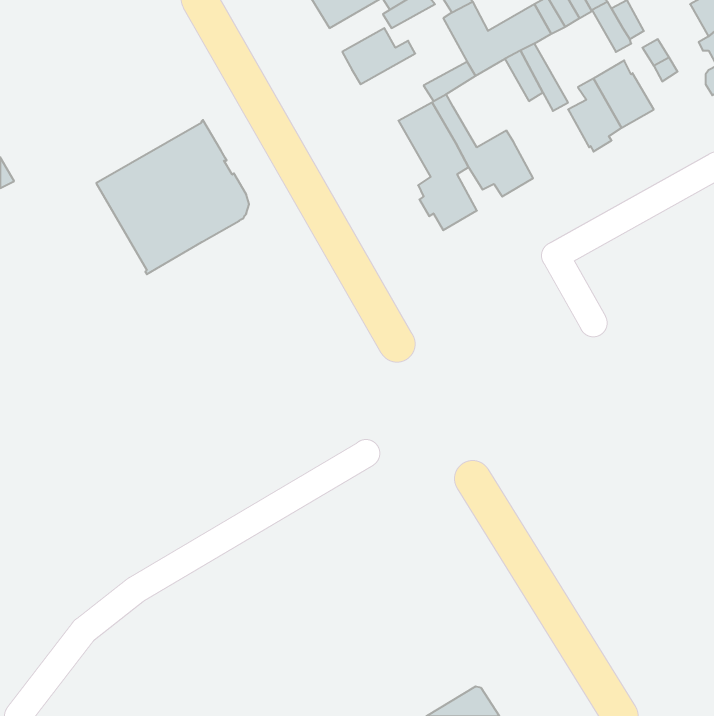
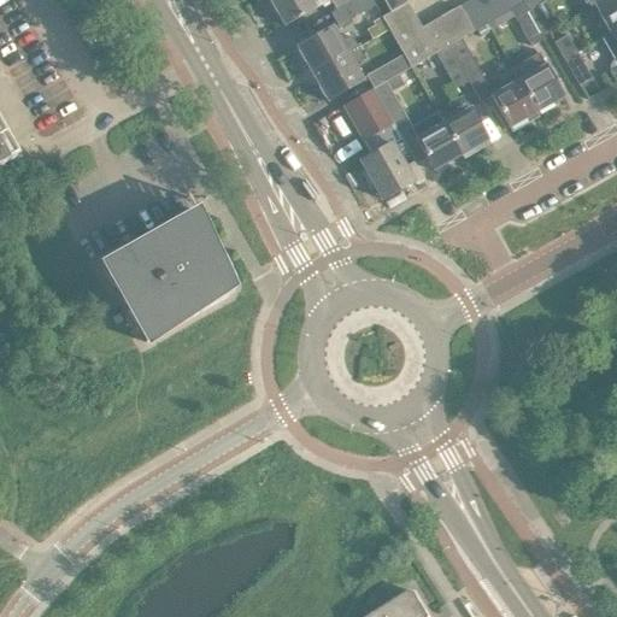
building: none -> [312,46,365,99]
building: none -> [443,94,488,153]
building: [96,120,249,274] -> [104,208,235,341]

